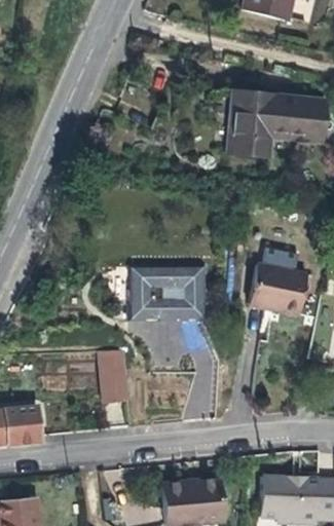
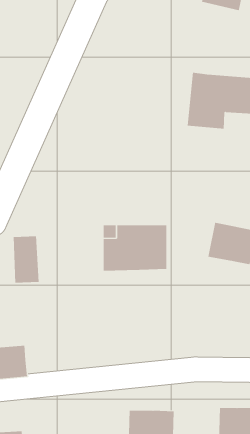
building: [102,348,133,403] -> [13,236,39,283]

